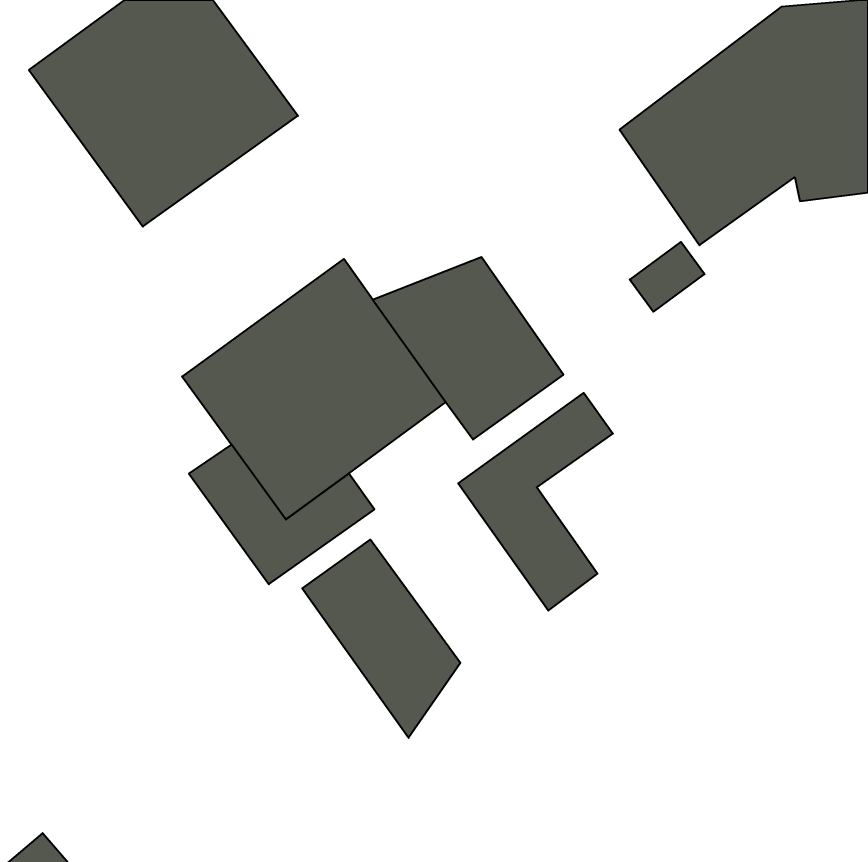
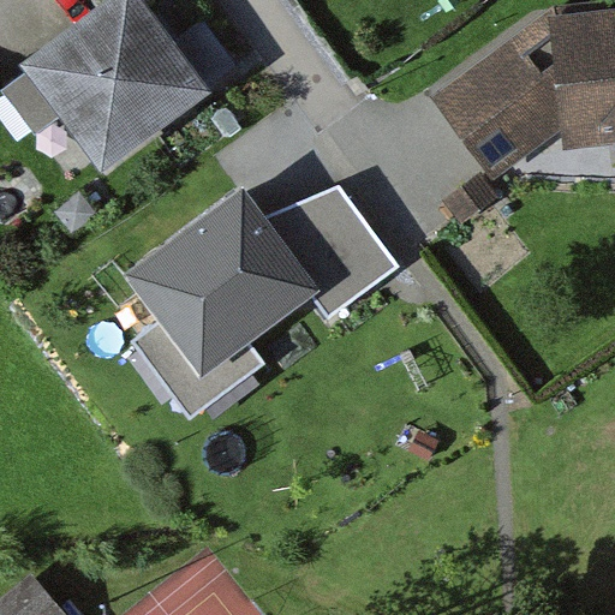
building: [458,393,613,611] -> none
building: [302,540,460,738] -> none

